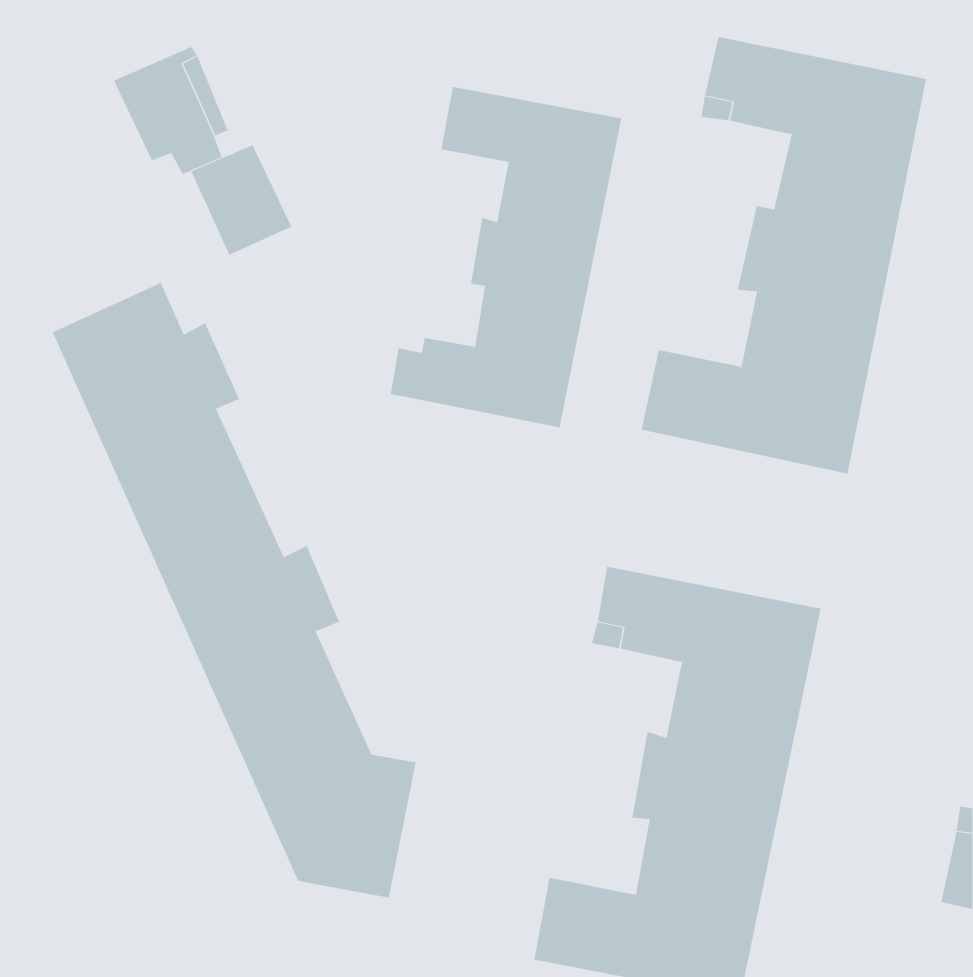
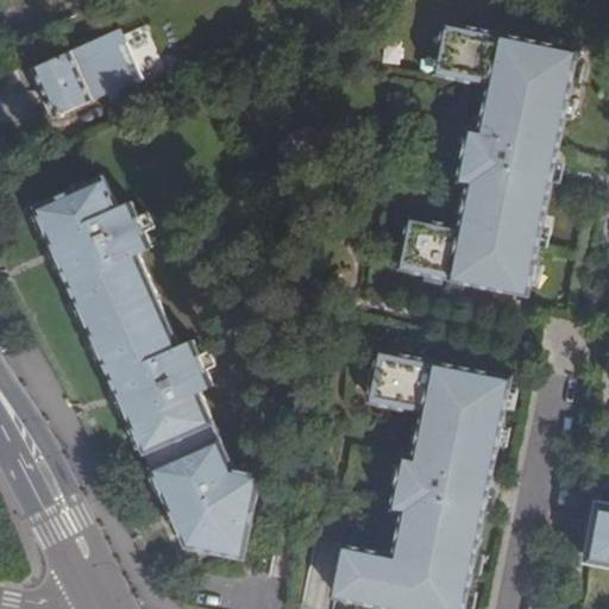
building: [390,86,622,428] -> none
building: [191,144,292,256] -> [31,51,94,120]

